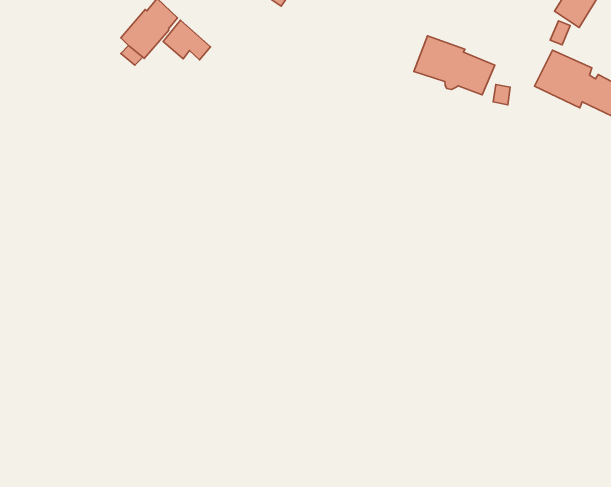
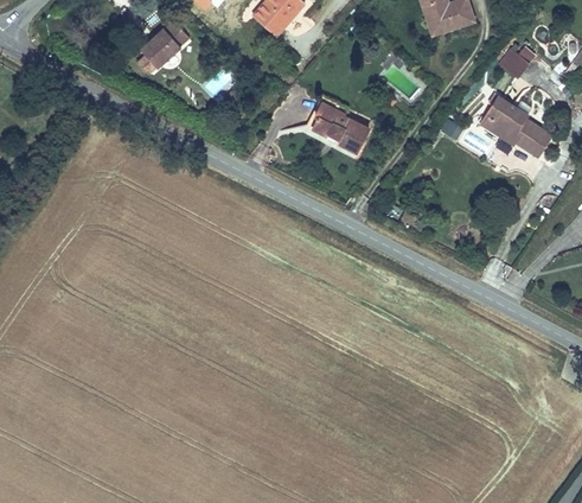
building: [163,20,211,60] -> none
building: [414,36,495,95] -> [305,100,372,153]

